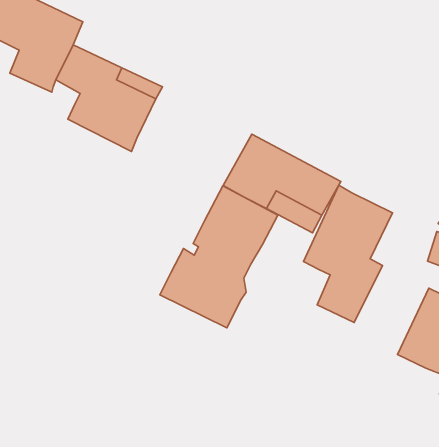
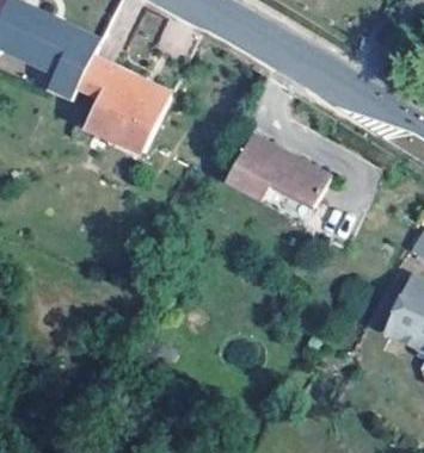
building: [304,185,393,322] -> none
building: [160,186,278,328] -> none

